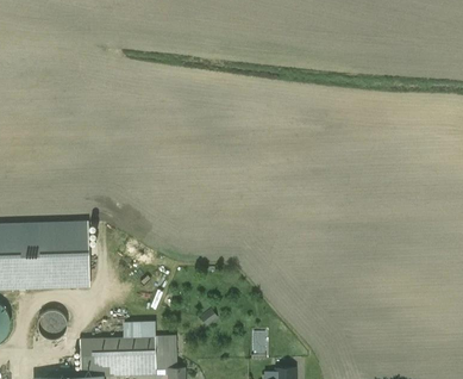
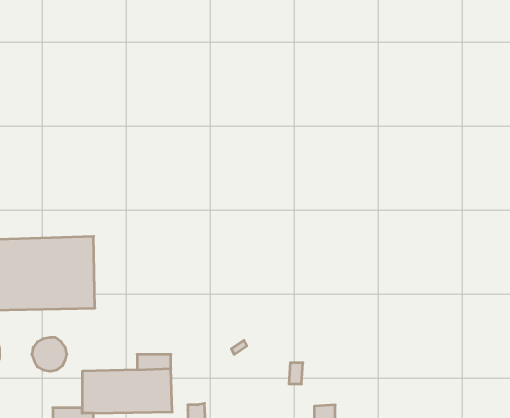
building: [154,336,176,373] -> none

